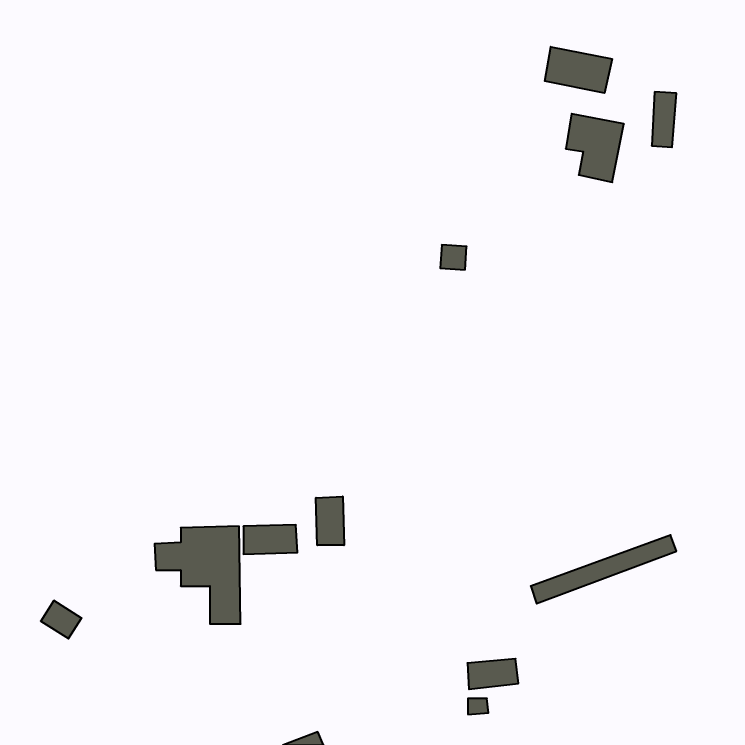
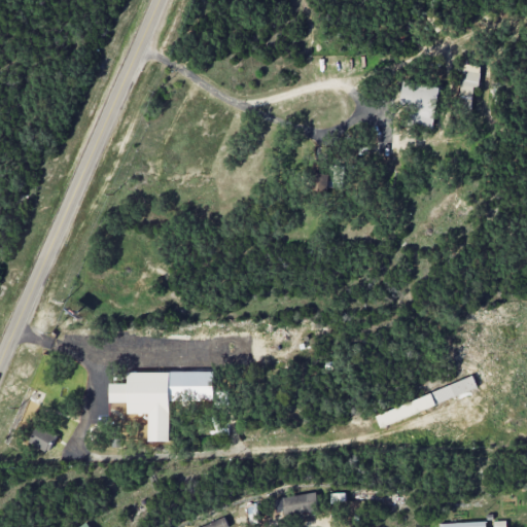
building: [545,47,612,93] -> none
building: [316,496,344,545] -> none
building: [467,659,518,689] -> [282,493,318,515]

